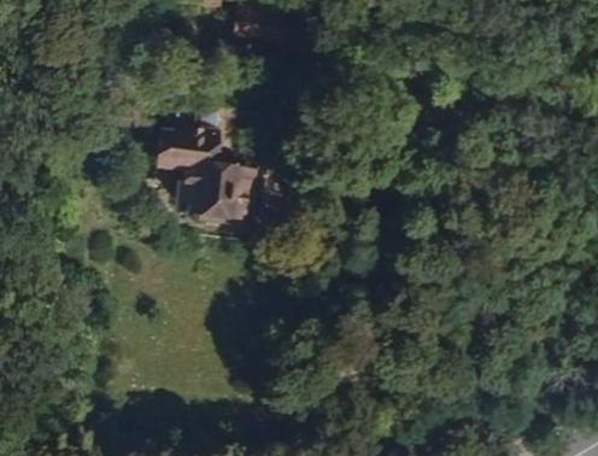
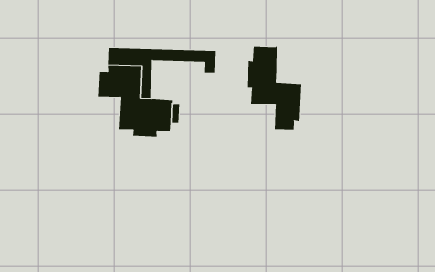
building: none -> [247,46,302,131]

